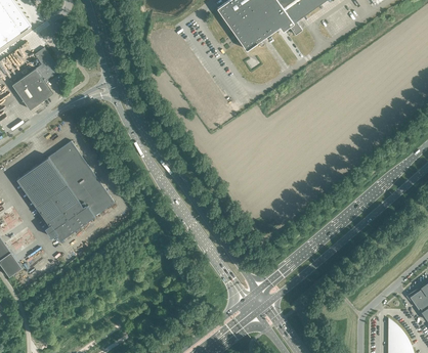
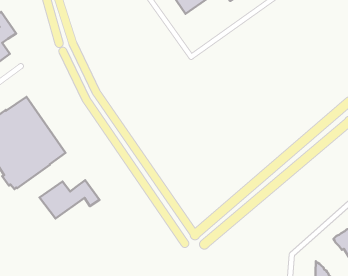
building: none -> [40,180,100,219]

